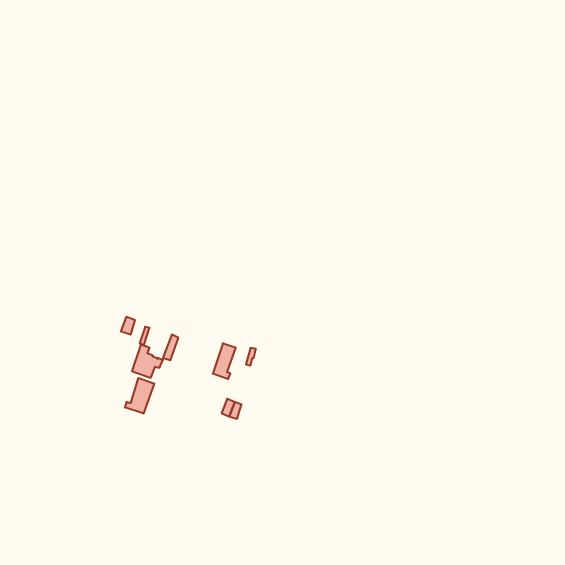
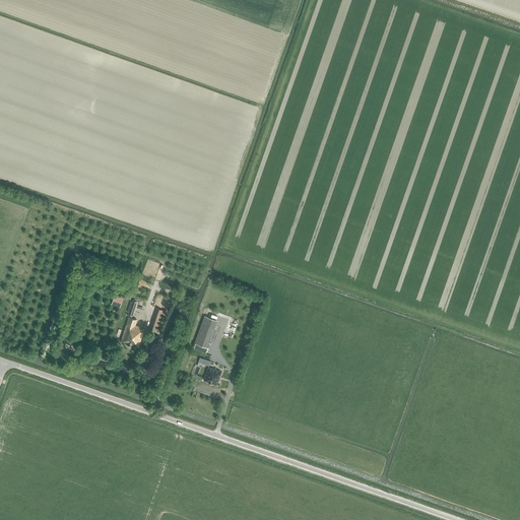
building: [125,378,154,414] -> none

